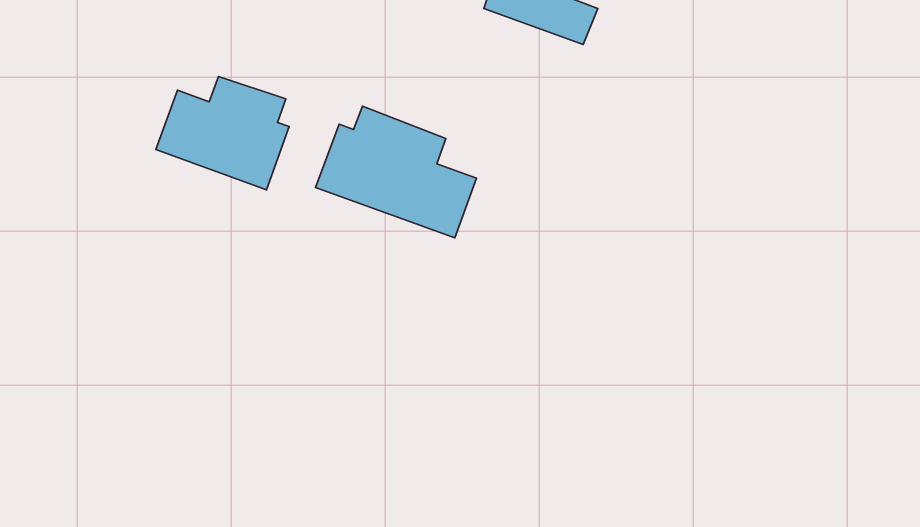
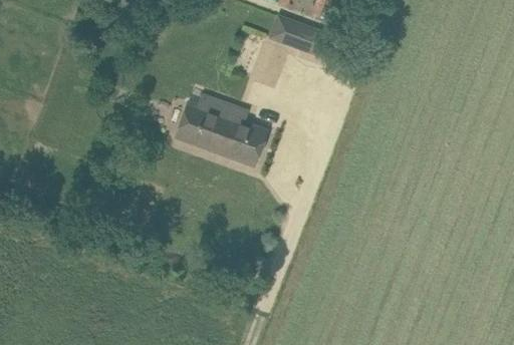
building: [156,77,289,190] -> none

